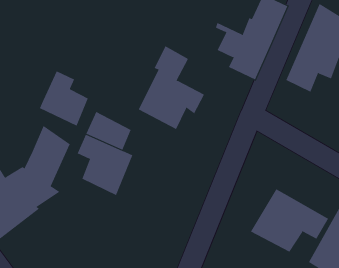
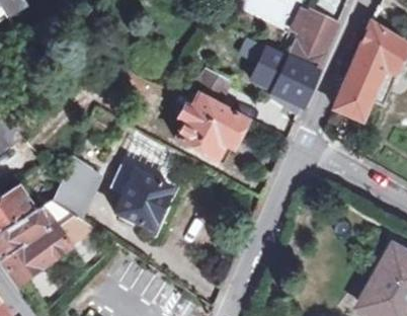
building: [39,70,88,127] -> none
building: [250,189,329,253] -> none

